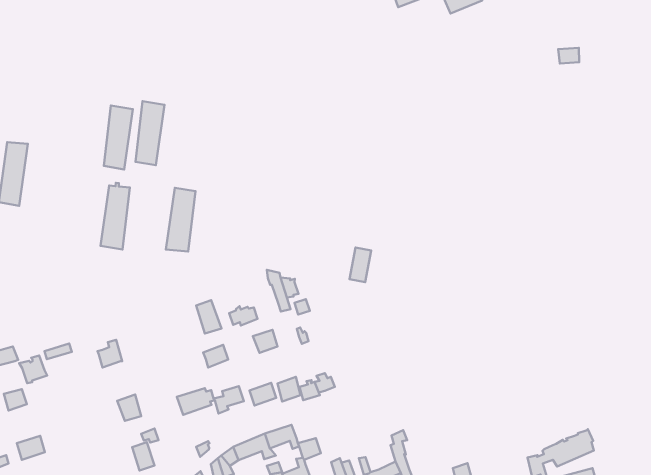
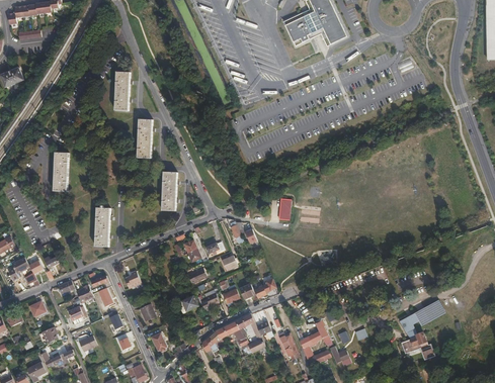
building: [104,105,133,169] -> [114,71,130,110]
building: [100,183,130,249] -> [94,205,109,247]

